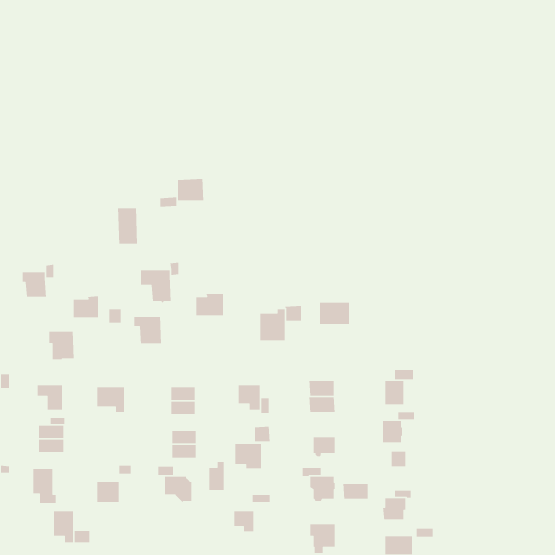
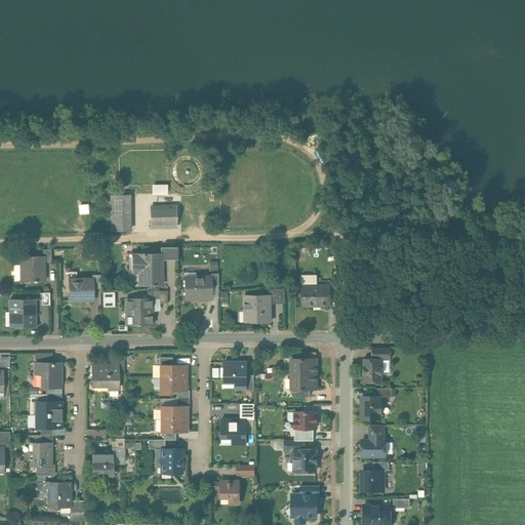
building: [177,178,204,201] -> [151,206,176,228]
building: [49,331,75,360] -> [10,299,35,327]
building: [206,461,224,491] -> none
building: [343,483,369,499] -> [361,441,386,456]

